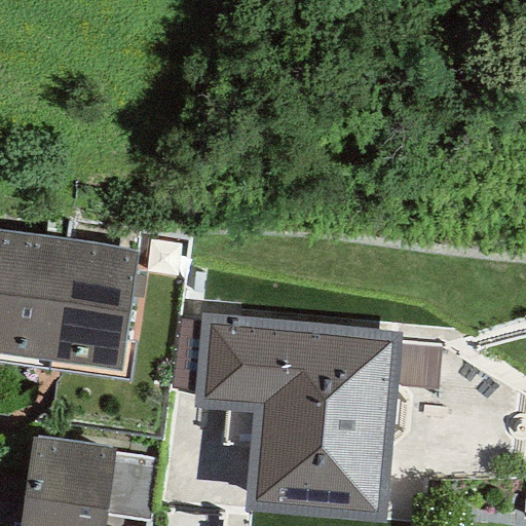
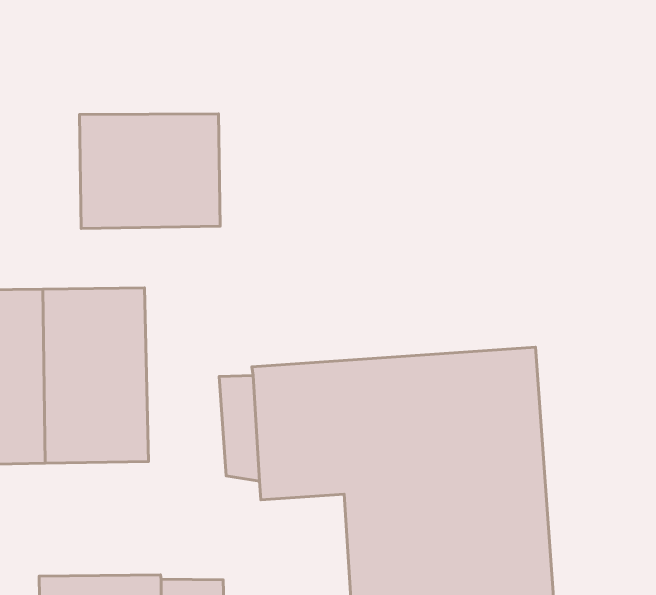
building: none -> [80,114,220,229]

